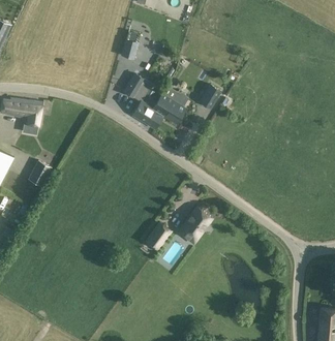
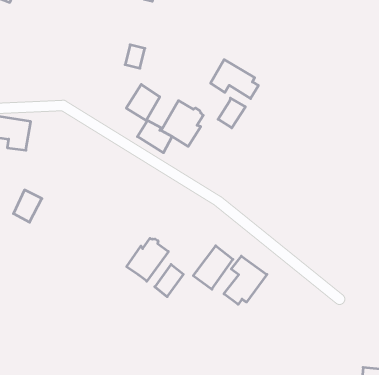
building: none -> [211,60,258,99]
building: none -> [127,238,168,281]
building: none -> [224,256,267,304]

